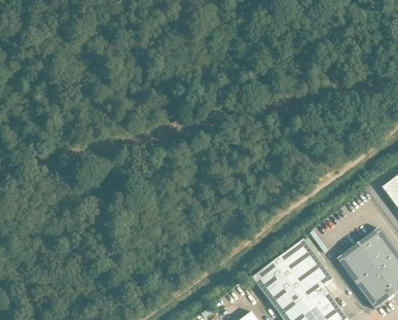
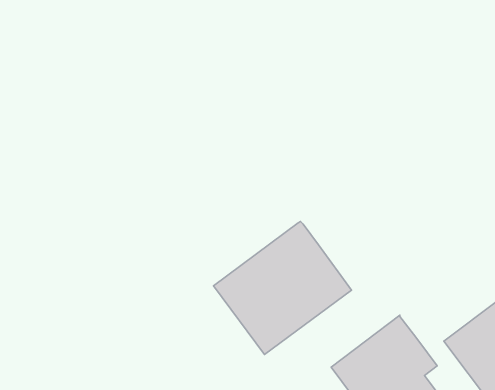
building: none -> [213,222,352,355]

